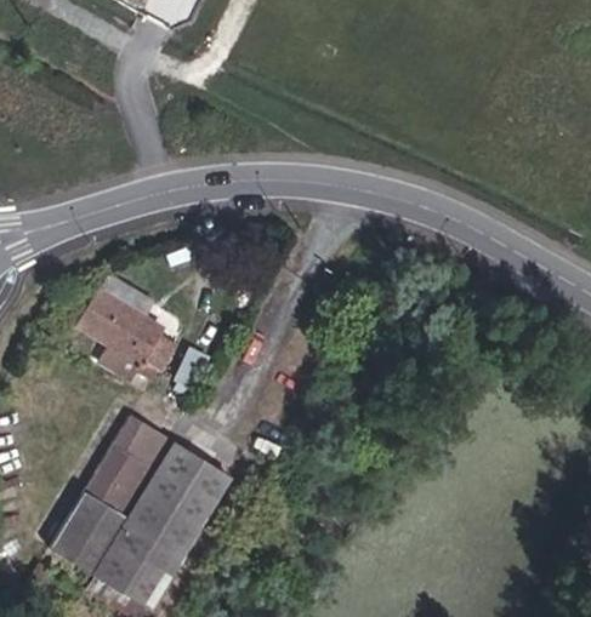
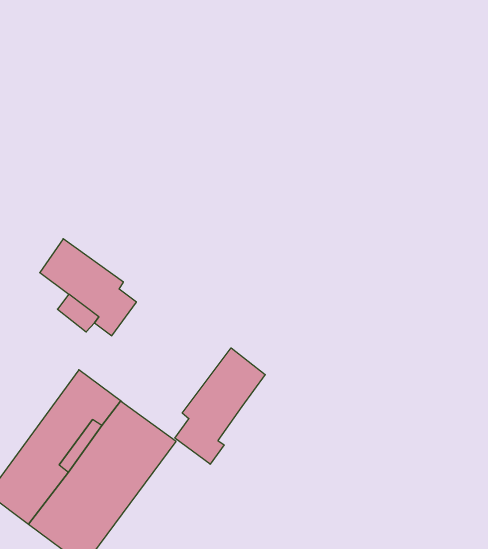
building: none -> [175,348,265,464]

